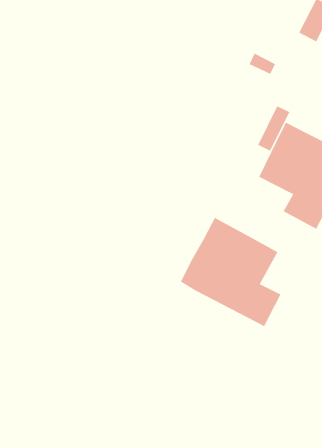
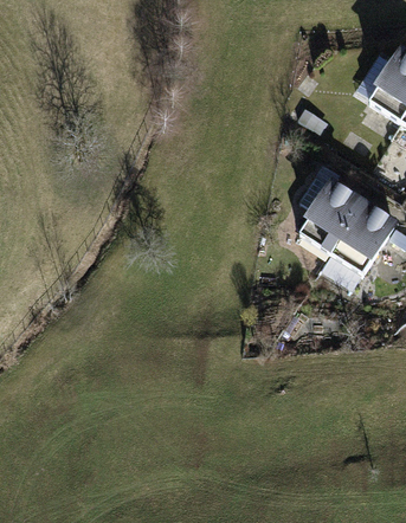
building: [180,217,281,327] -> none

